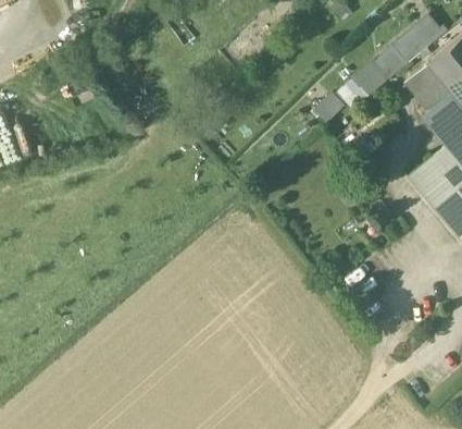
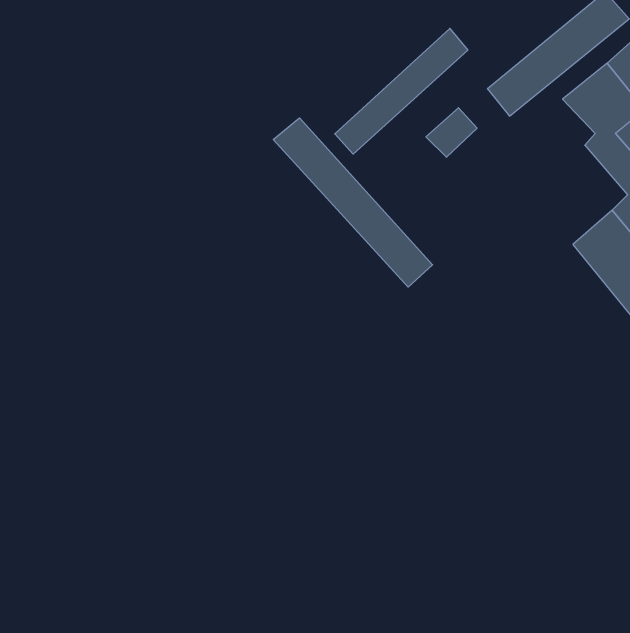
building: none -> [335,28,468,154]
building: none -> [273,118,433,287]

